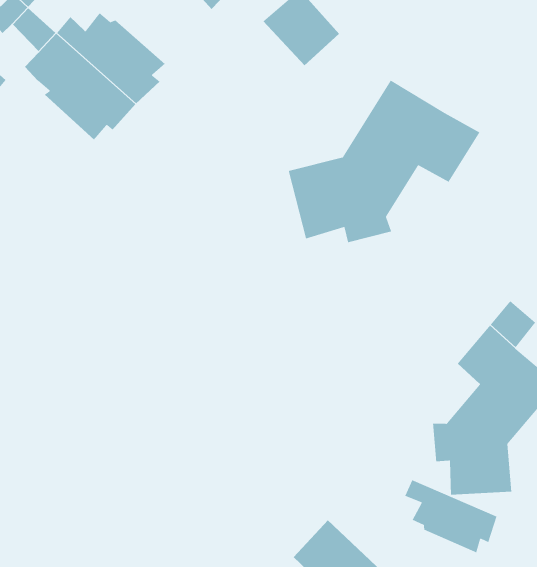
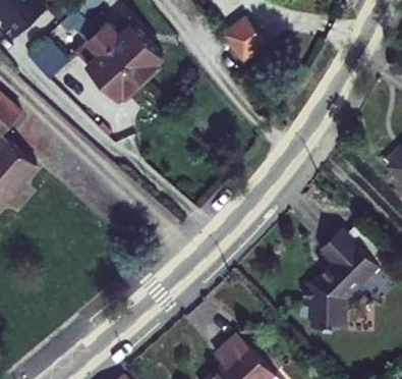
building: [288,79,481,243] -> none
building: [404,479,498,554] -> none

